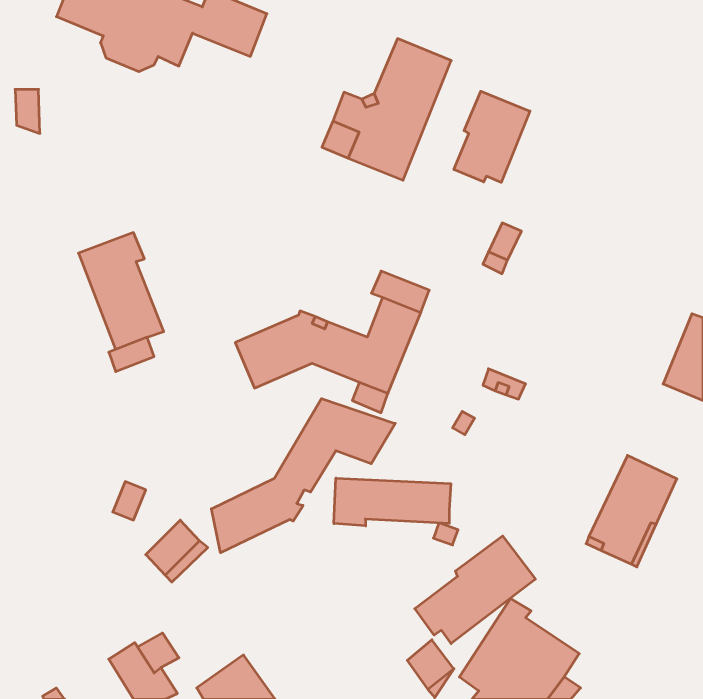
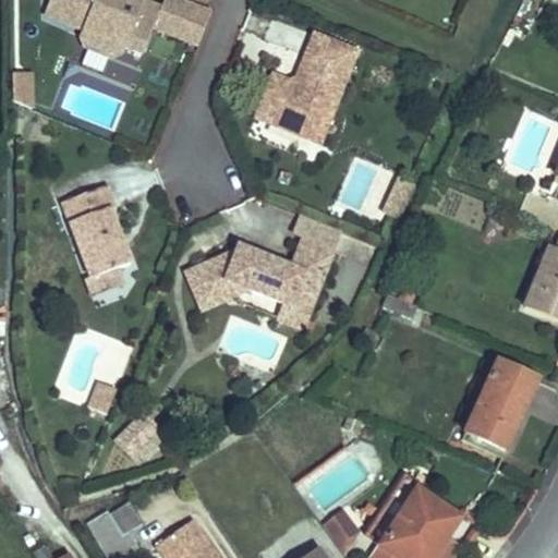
building: [454,91,530,182] -> none
building: [211,399,395,553] -> none
building: [334,478,451,526] -> none
building: [415,536,535,644] -> none

